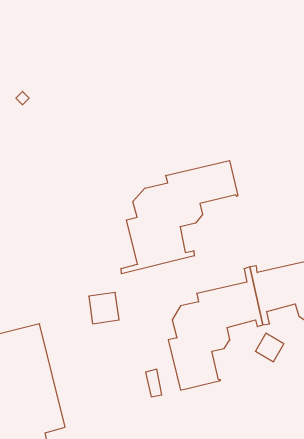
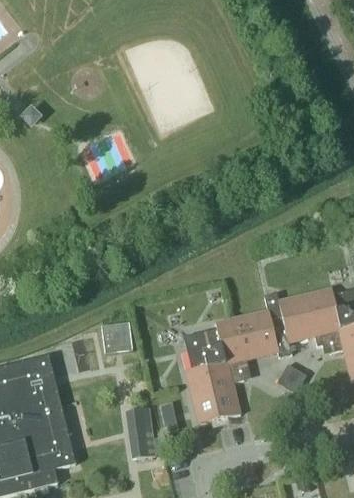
building: [121,161,238,274] -> none
building: none -> [129,408,155,458]

